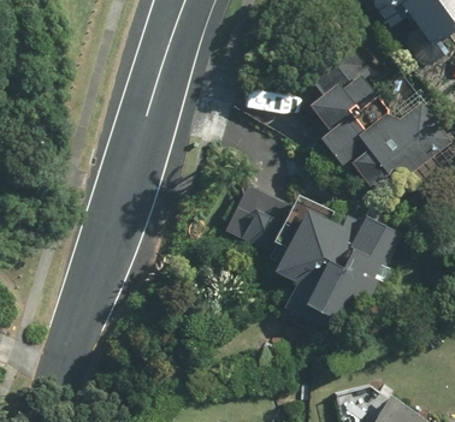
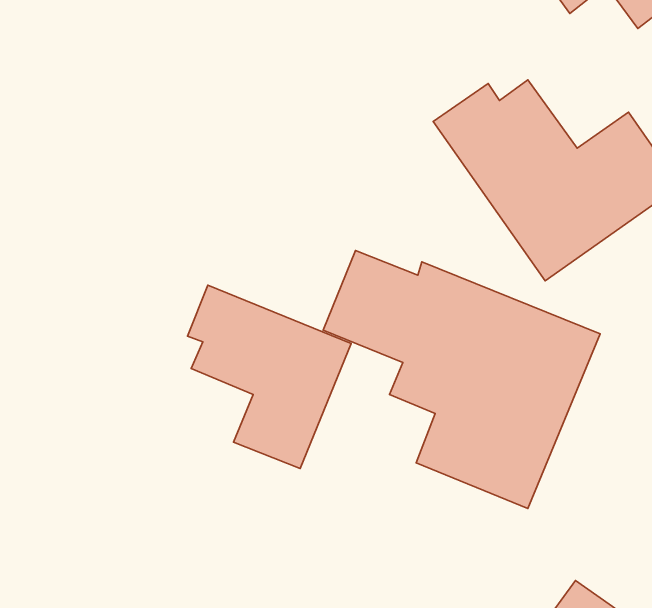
building: none -> [187,285,351,469]

